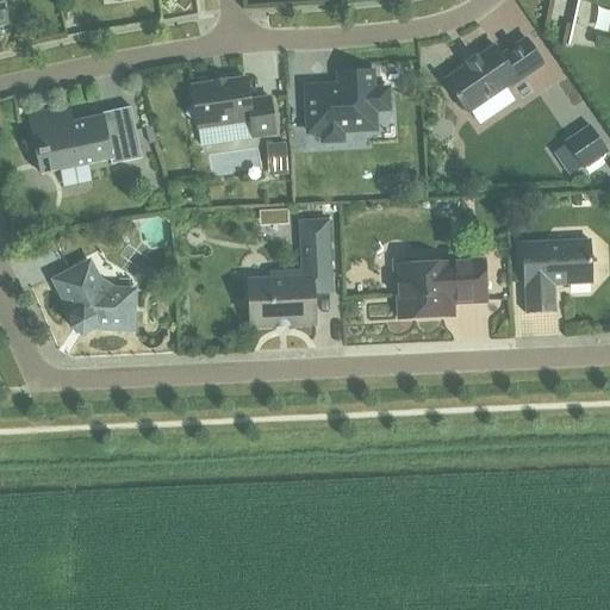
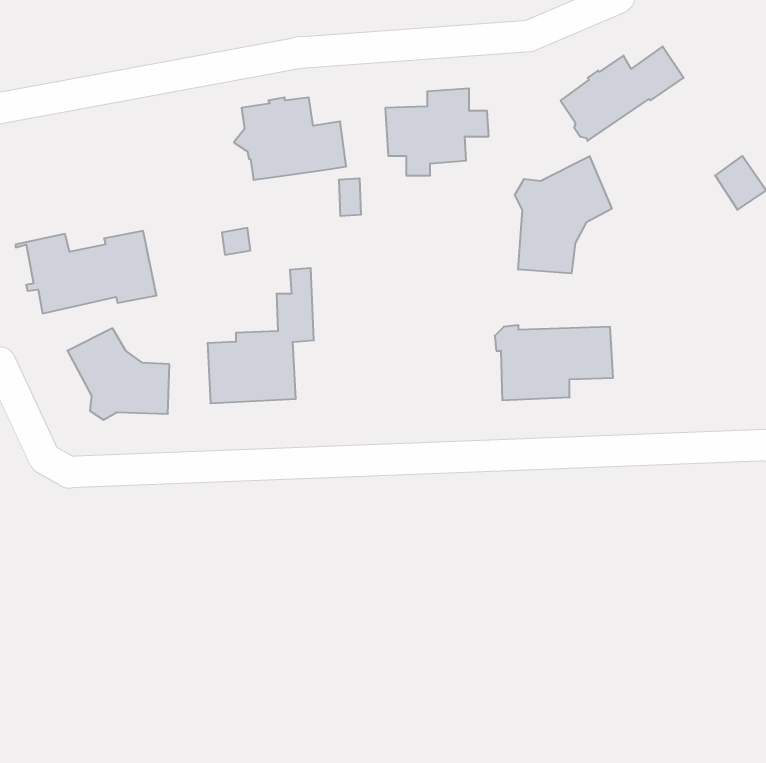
building: [30,106,142,172] -> [16,231,157,313]
building: none -> [515,156,612,273]
building: [247,219,331,326] -> [207,268,314,403]
building: [522,241,593,312] -> none

